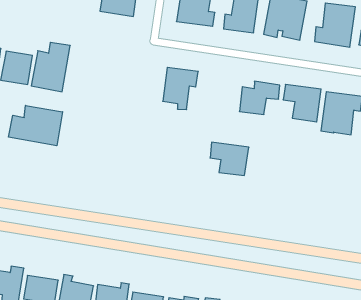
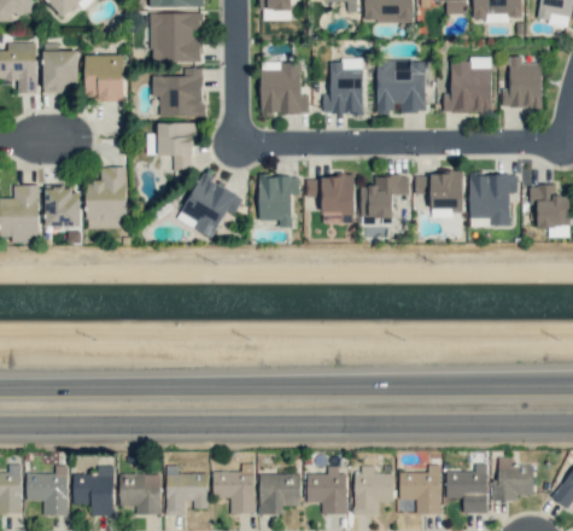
building: none -> [146,122,194,169]
building: none -> [177,174,244,237]
building: [9,105,63,146] -> none
building: [210,142,249,175] -> [305,175,355,214]

